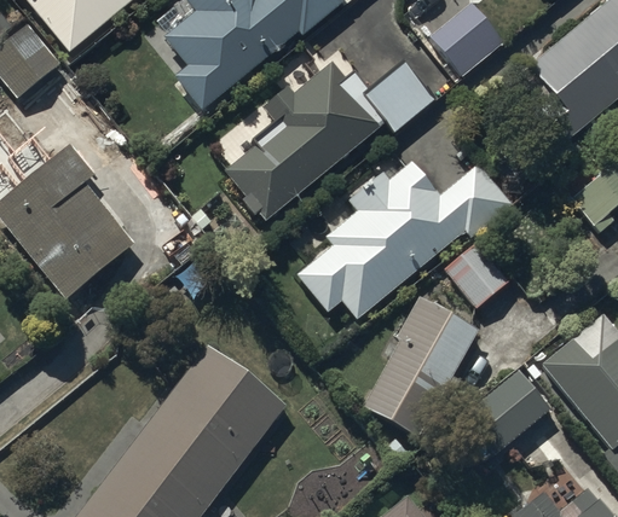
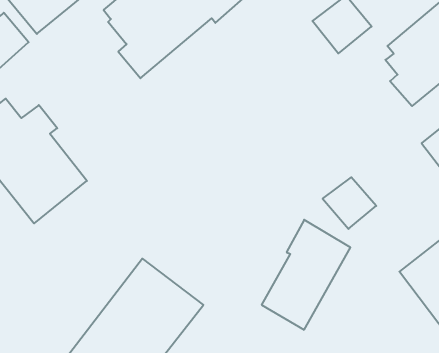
building: [224,60,433,221] -> none
building: [296,162,510,318] -> none
building: [461,371,550,455] -> none

